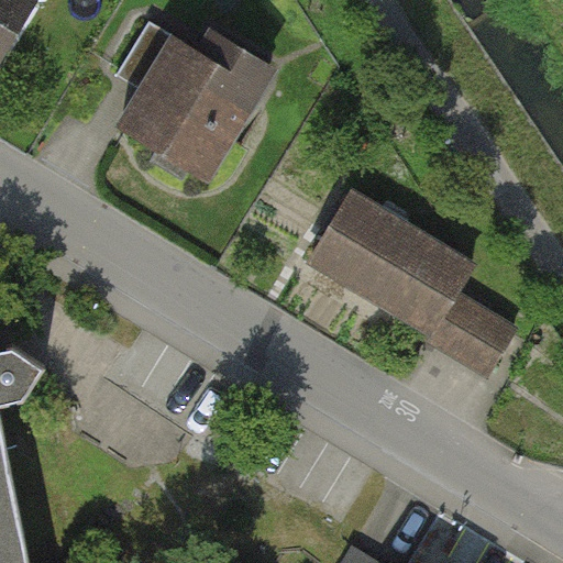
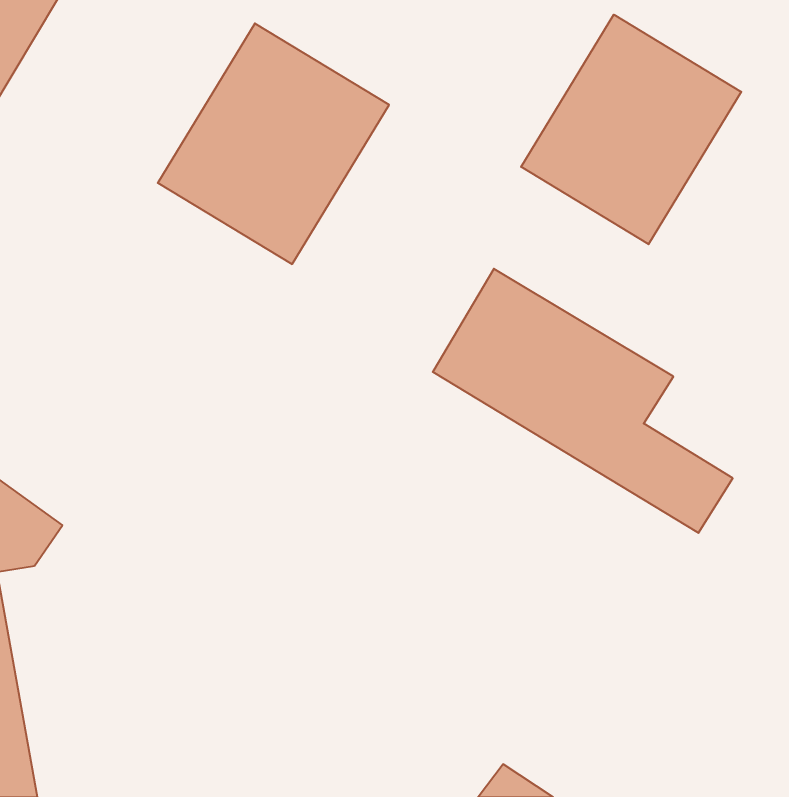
building: none -> [521,15,741,244]

